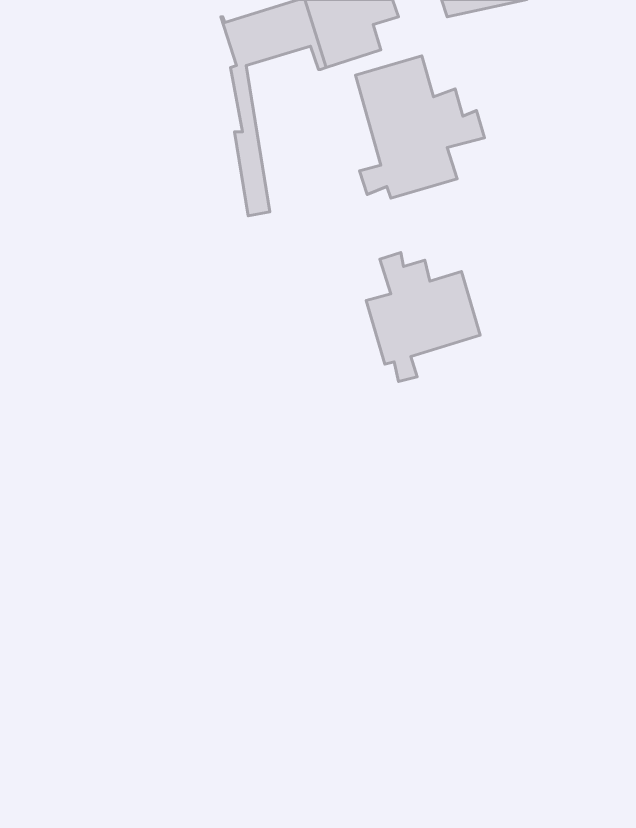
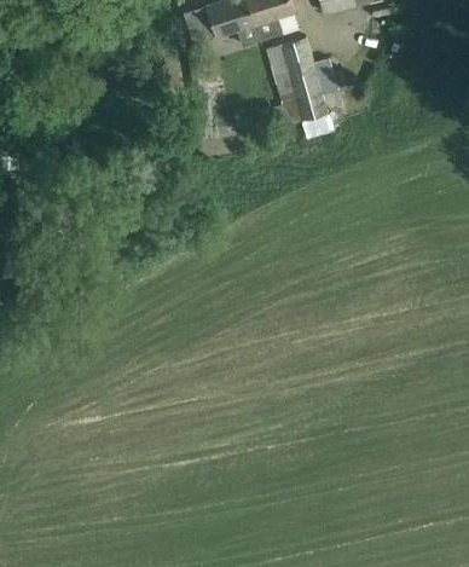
building: [366,253,480,381] -> none

